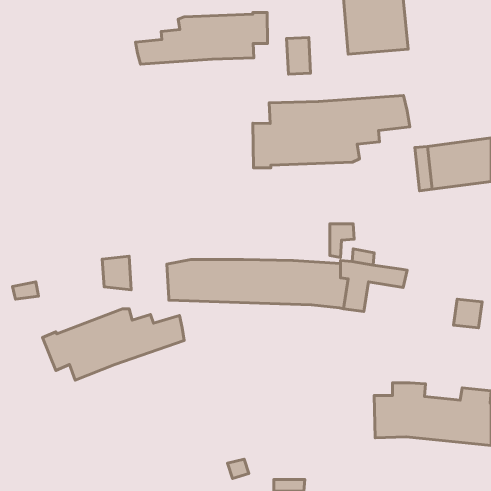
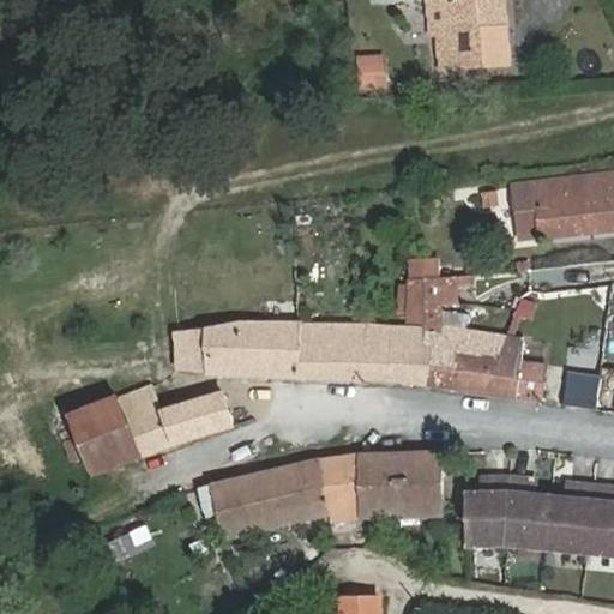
building: [135,12,267,64] -> none
building: [253,95,410,168] -> none
building: [102,256,131,290] -> [174,329,210,371]
building: none -> [452,336,544,401]
building: none -> [198,451,441,538]

